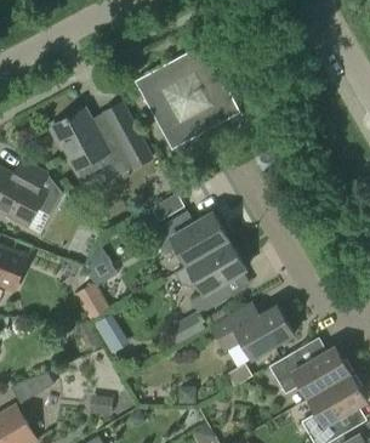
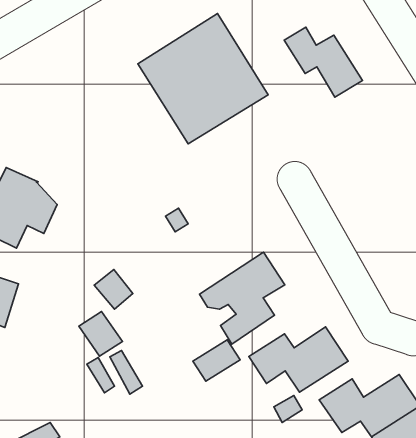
building: none -> [284,27,362,97]
building: [52,103,152,181] -> none
building: [150,214,229,273] -> none

